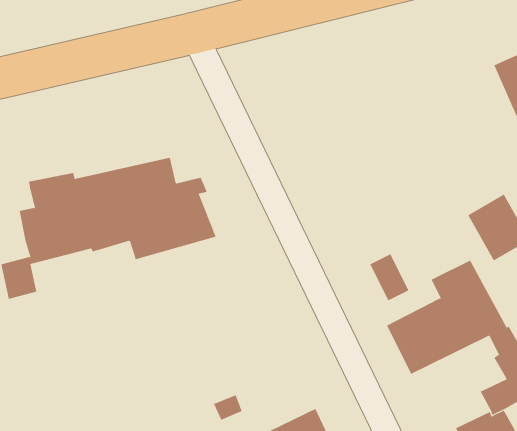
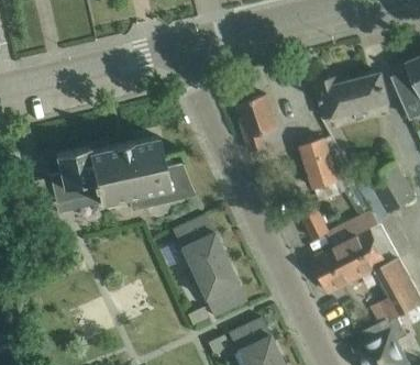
building: none -> [314,75,388,121]
building: none -> [240,96,277,154]
building: none -> [300,139,338,190]
building: none -> [172,215,246,318]

